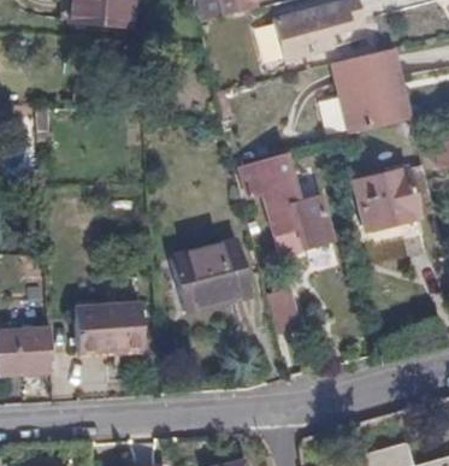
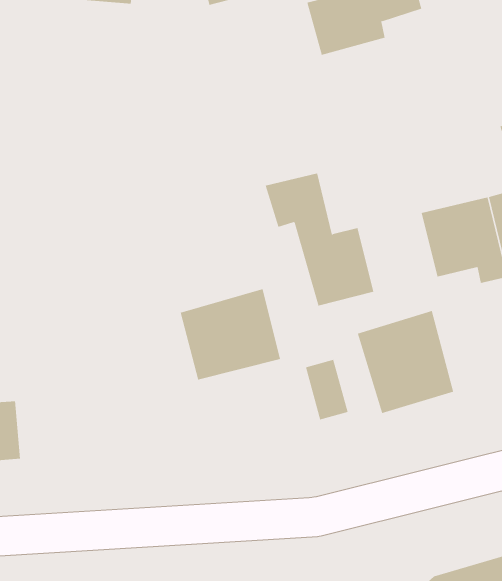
building: [331,51,407,134] -> none
building: none -> [357,310,454,414]
building: [78,297,146,346] -> none

